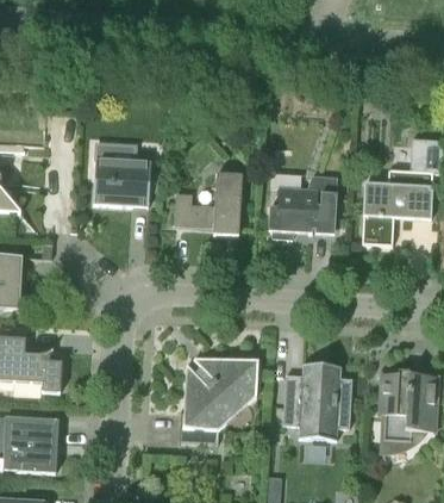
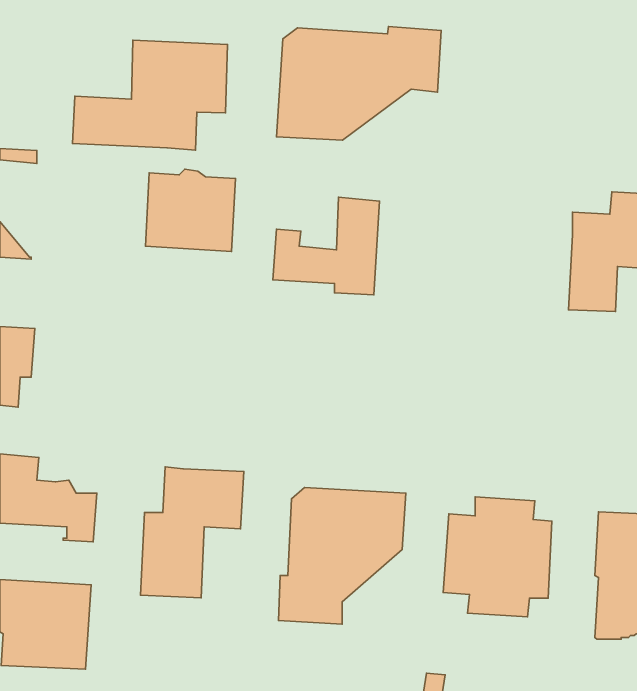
building: none -> [277,27,441,140]
building: none -> [72,40,228,150]
building: [268,174,337,238] -> none
building: none -> [141,467,244,598]

